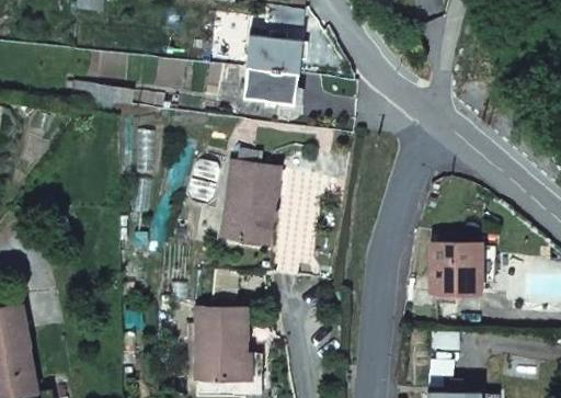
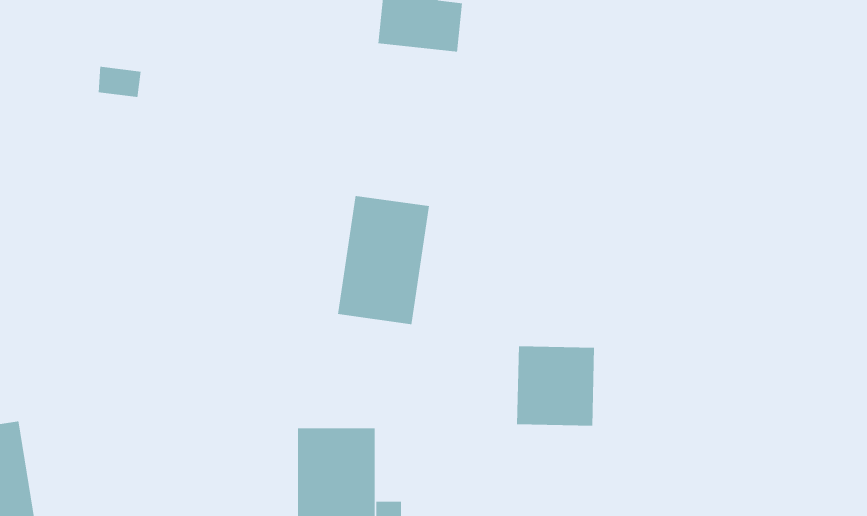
building: [243,67,297,103] -> none
building: [431,243,480,294] -> [516,346,595,426]

